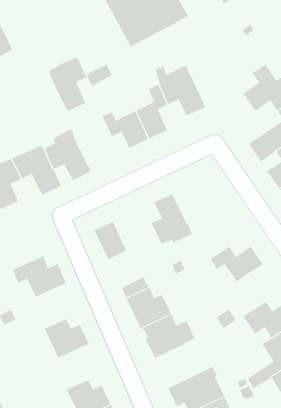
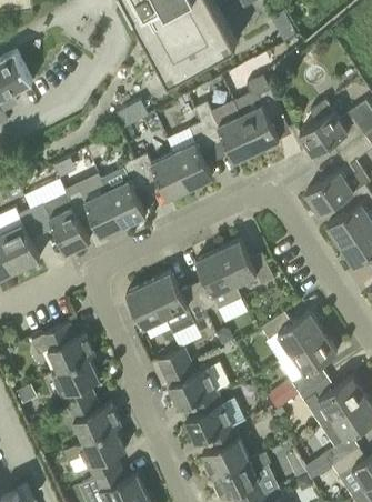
building: none -> [233,77,282,151]
building: [48,56,87,112] -> [101,161,147,225]
building: none -> [218,240,273,285]
building: none -> [149,272,208,334]
building: none -> [278,333,336,394]
building: none -> [51,358,99,409]
building: none -> [201,426,249,478]
building: none -> [62,429,124,480]

